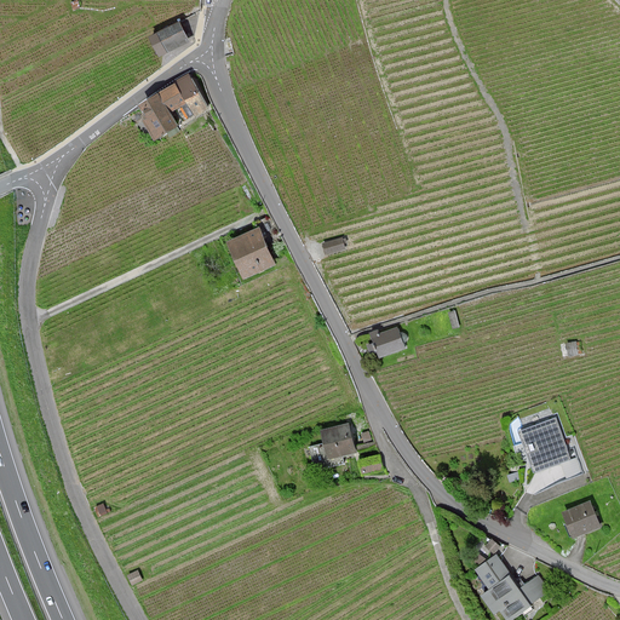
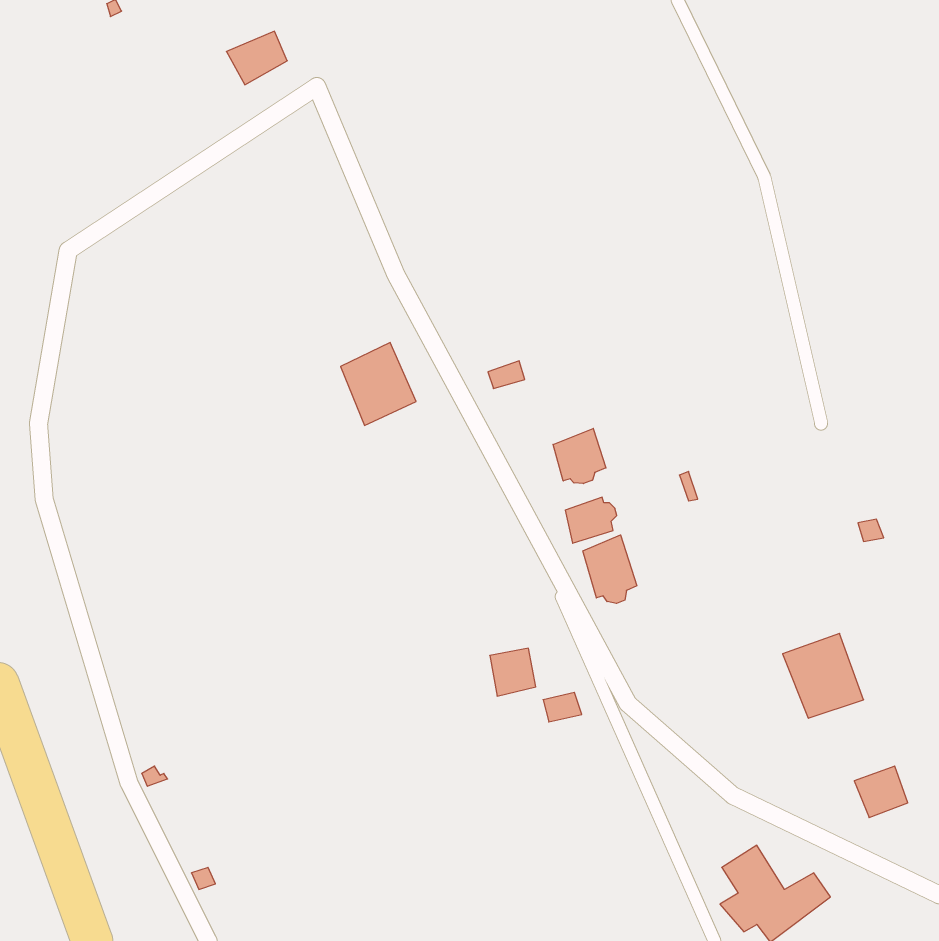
building: [143,75,209,139] -> none
building: none -> [553,428,606,484]
building: none -> [583,535,637,603]

